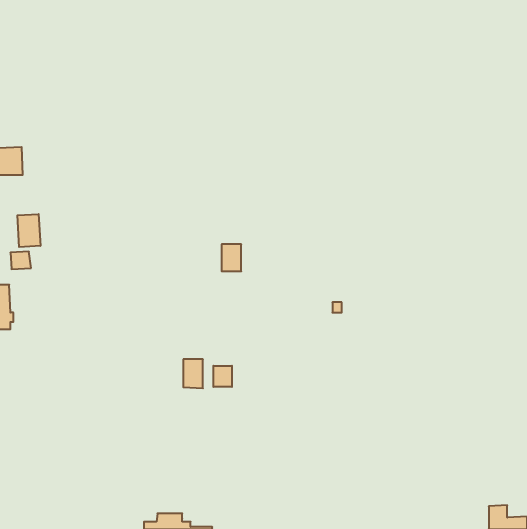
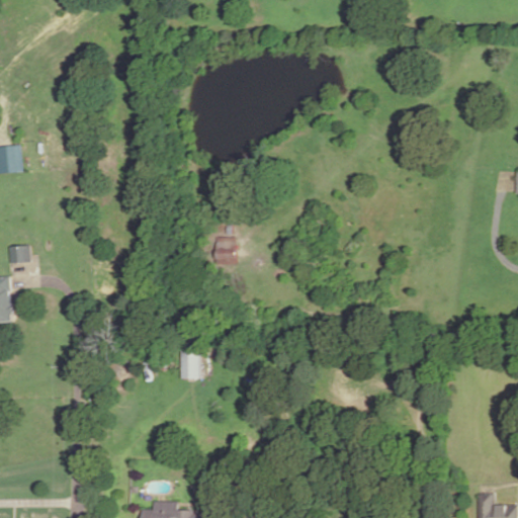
building: [17,214,40,247] -> none
building: [213,366,232,387] -> none

